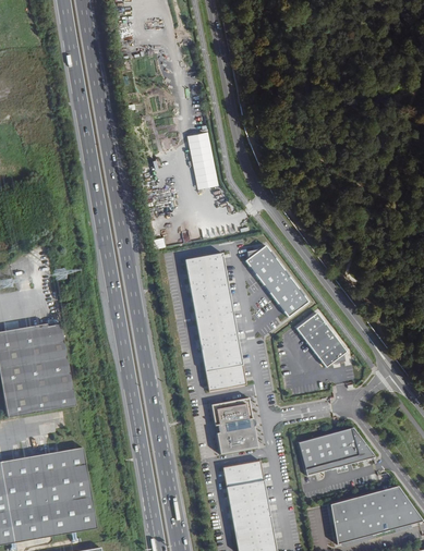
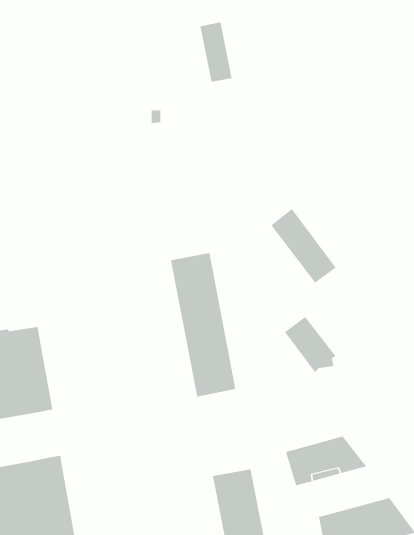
building: [186,132,218,189] -> [200,22,233,82]
building: [245,245,308,317] -> [271,208,337,284]
building: [215,396,262,453] -> none

